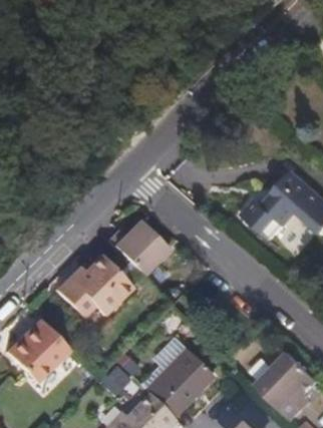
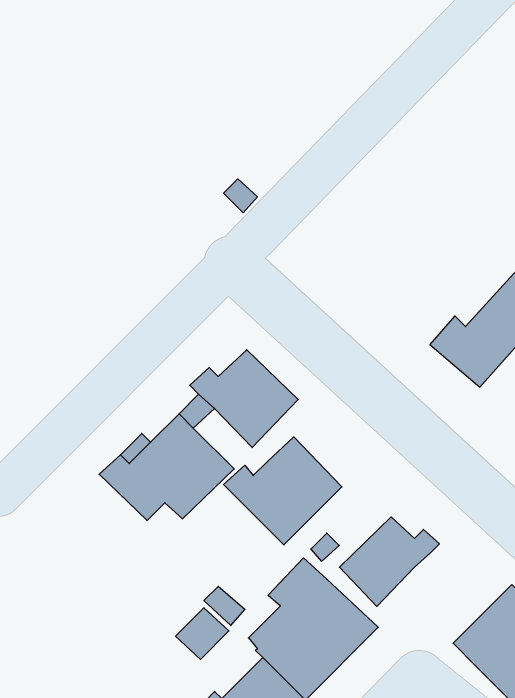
building: none -> [224,437,342,545]
building: none -> [339,517,439,606]
building: [7,320,69,382] -> none

